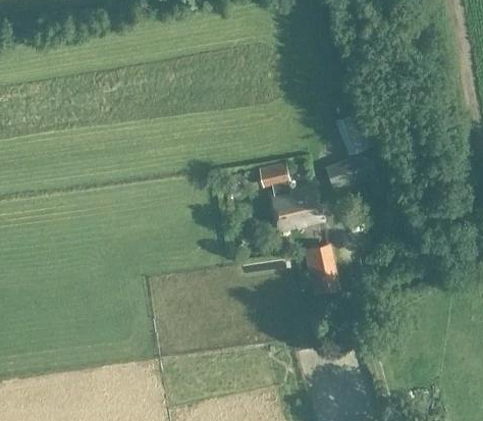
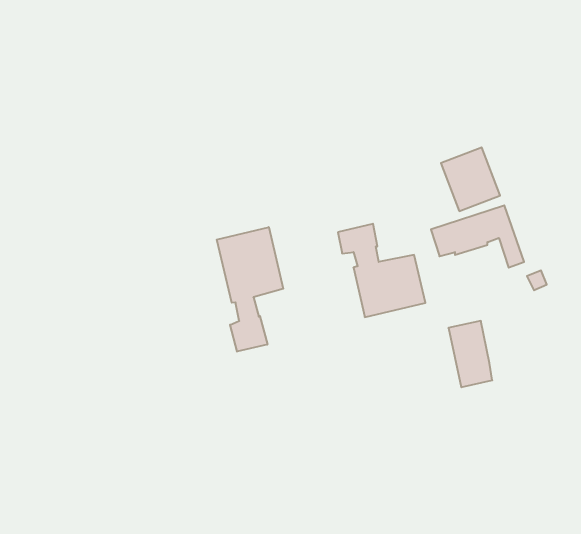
building: none -> [217,227,283,352]
building: [306,245,337,293] -> [448,321,492,387]

